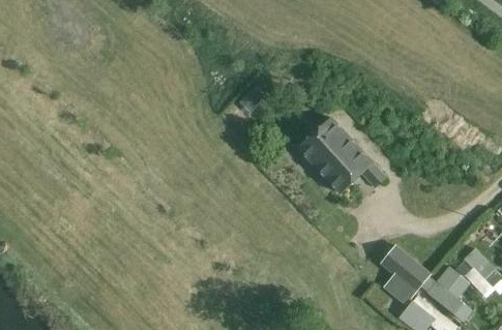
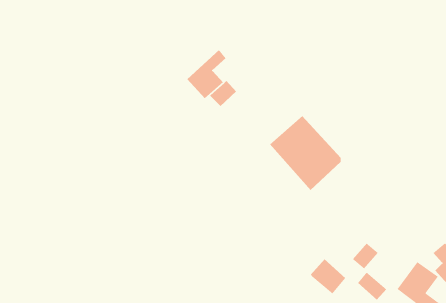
building: none -> [186,49,227,99]
building: [394,257,431,293] -> [310,258,346,295]

